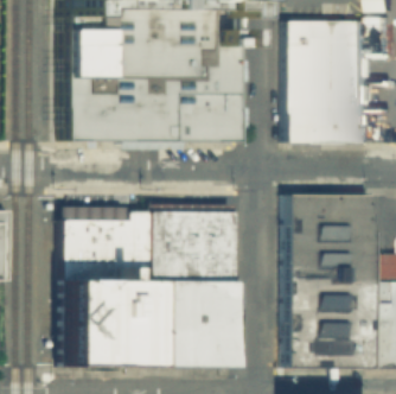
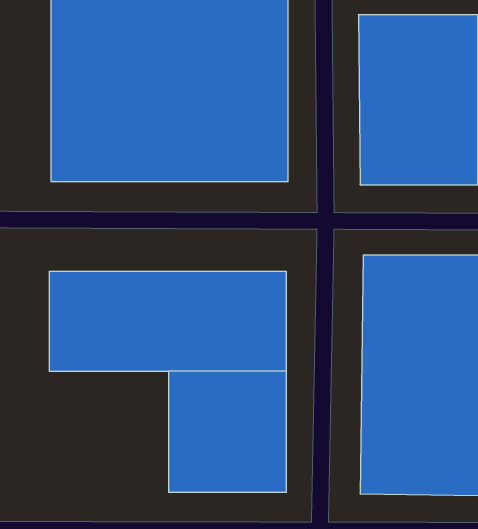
building: [64,277,151,364] -> none

